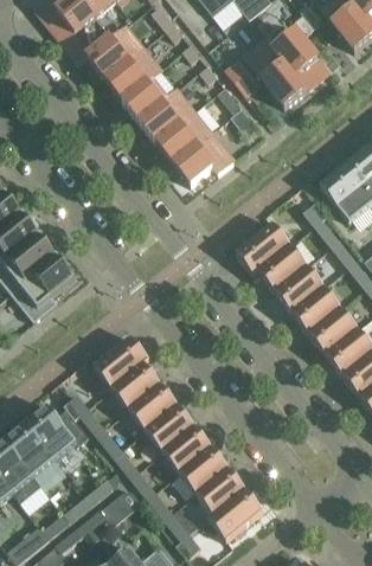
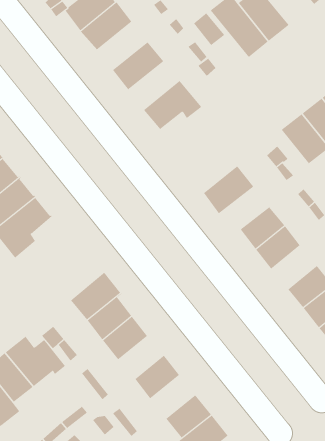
building: [123,69,178,121] -> none
building: [156,111,212,163] -> none
building: [254,245,308,291] -> none
building: [309,308,359,355] -> none
building: [146,405,195,451] -> none
building: [180,446,229,494] -> none

